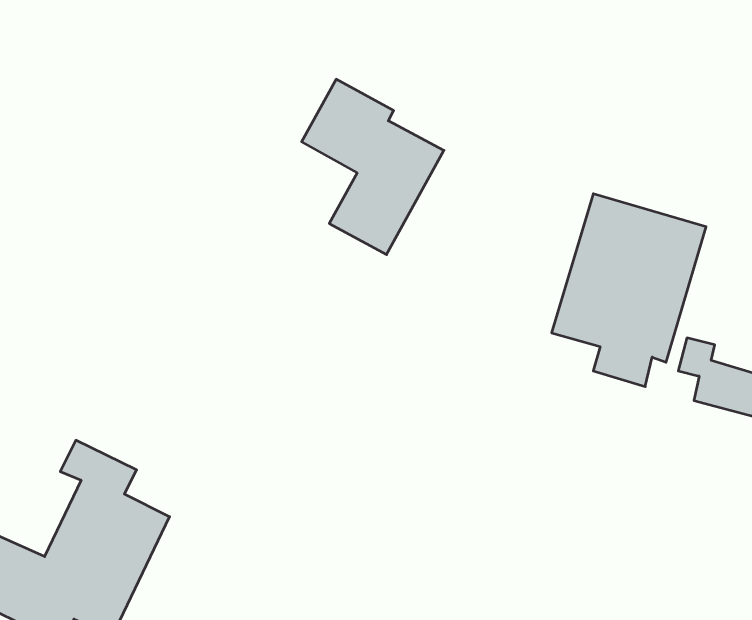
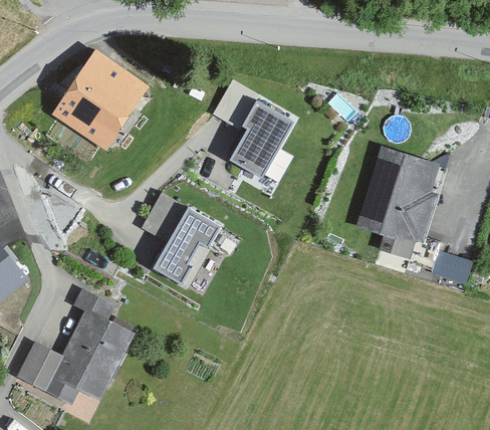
building: none -> [52,50,148,151]
building: none -> [142,195,220,287]

